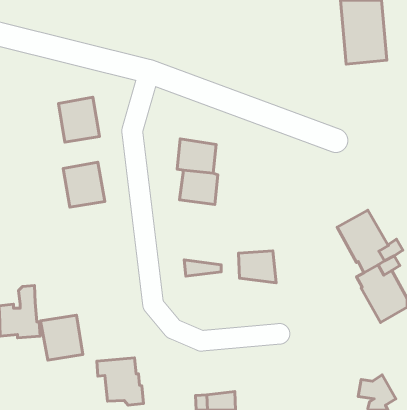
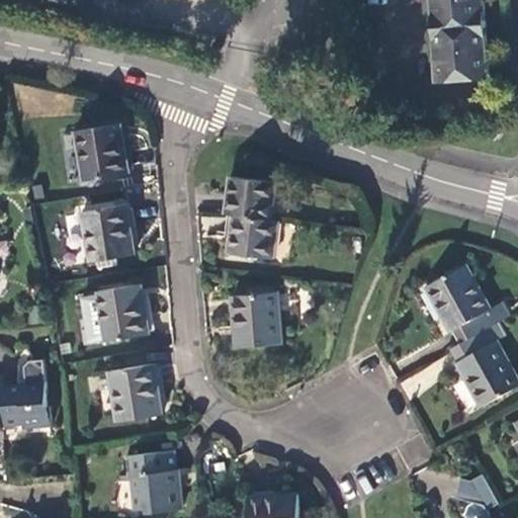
building: none -> [93,284,146,342]
building: [239,251,276,283] -> [232,293,279,334]
building: [40,315,83,360] -> [106,364,160,421]

